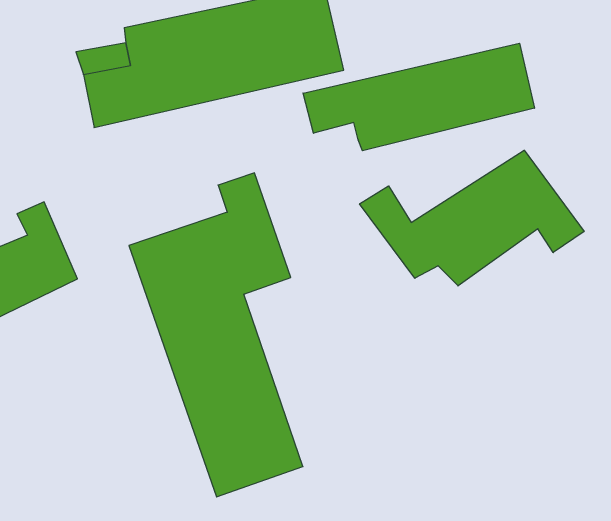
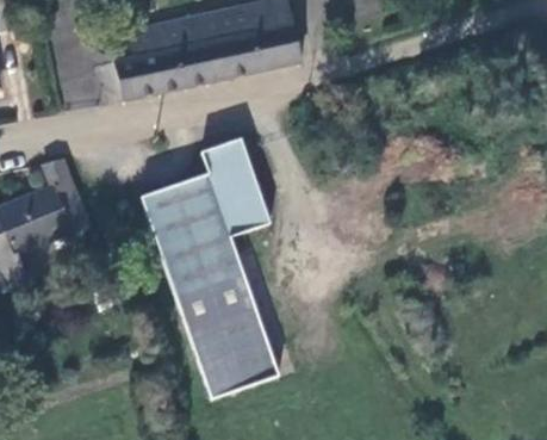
building: [303,43,534,151] -> none
building: [360,150,584,286] -> none

